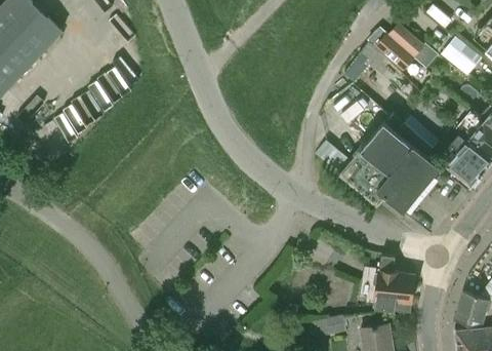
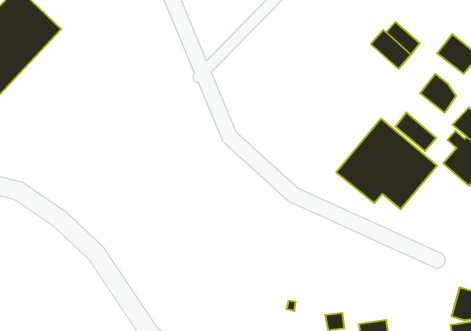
building: none -> [420,74,456,113]
building: [374,255,416,310] -> none

